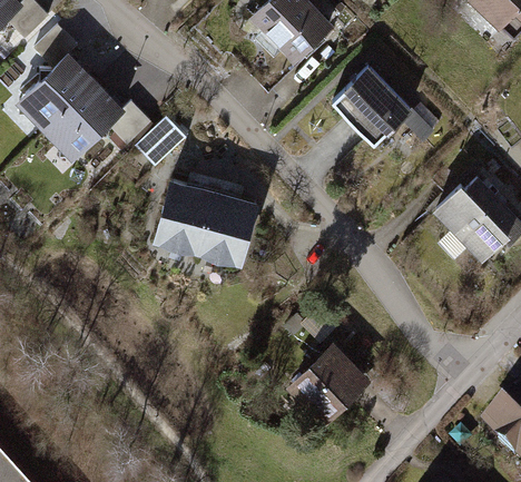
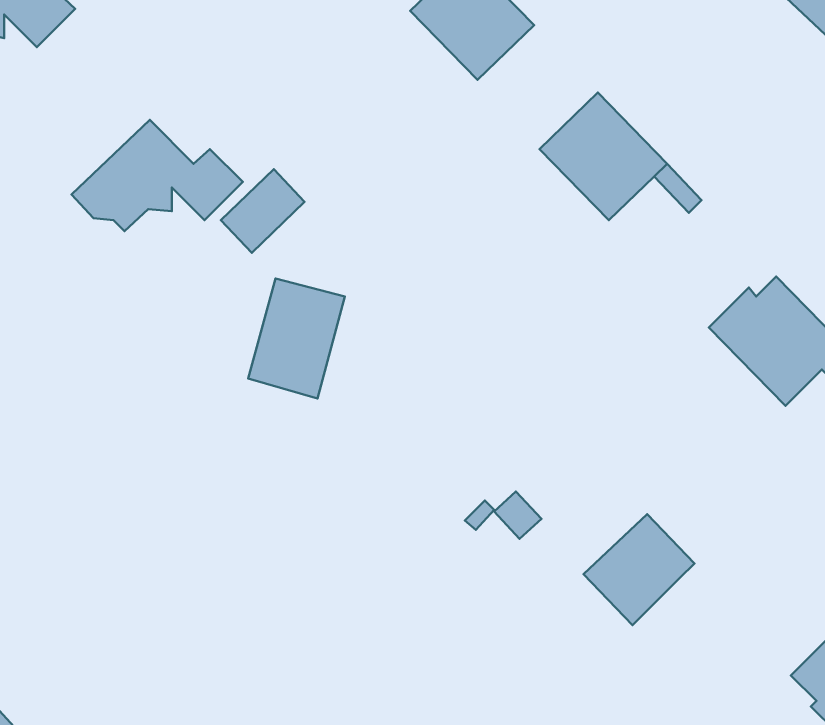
building: [26,26,95,129] -> none
building: [197,191,257,265] -> none
building: [294,348,362,416] -> [583,514,694,625]

